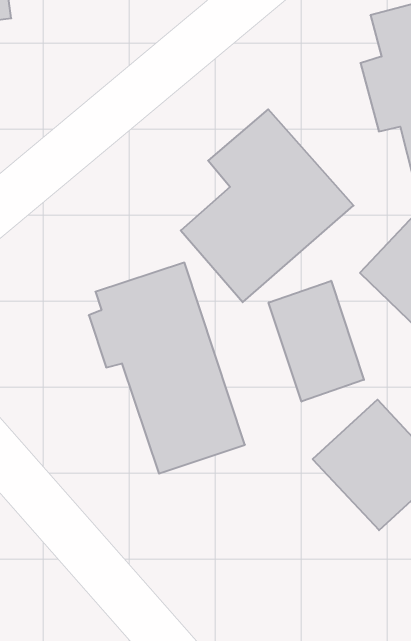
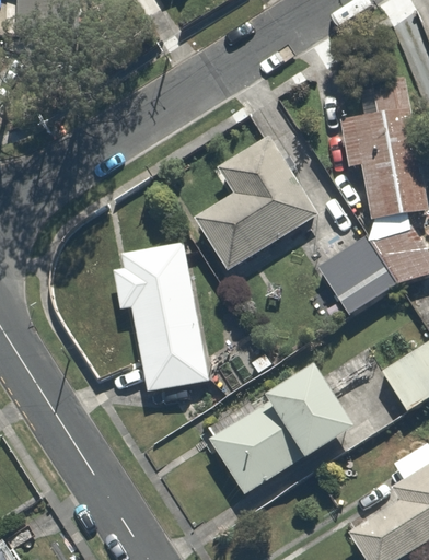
building: [269,281,364,402] -> none
building: none -> [204,399,300,498]

